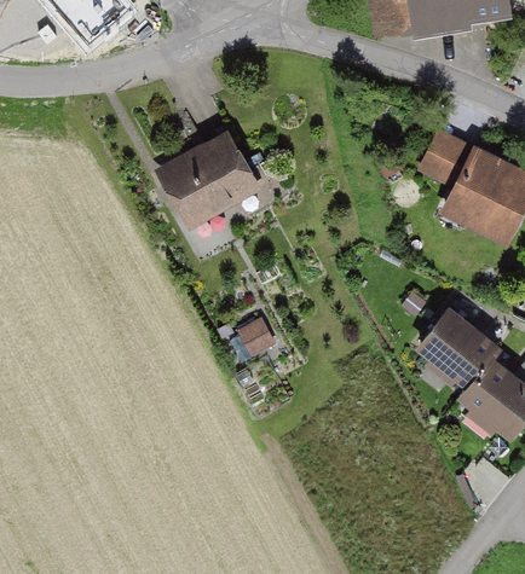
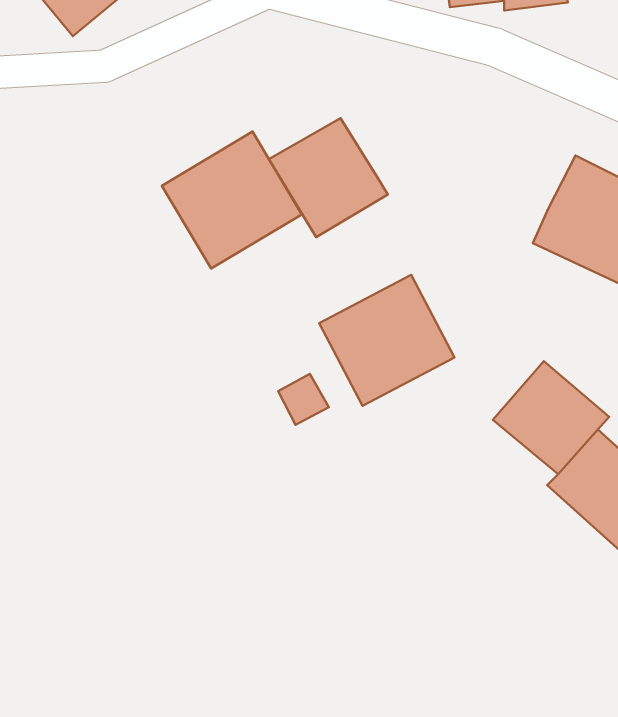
building: none -> [269,118,388,237]
building: [420,131,472,186] -> none
building: none -> [319,275,455,406]

